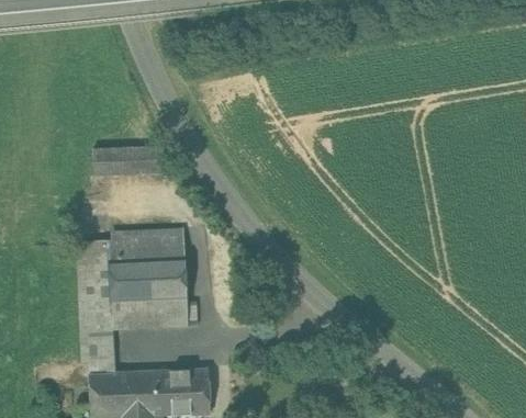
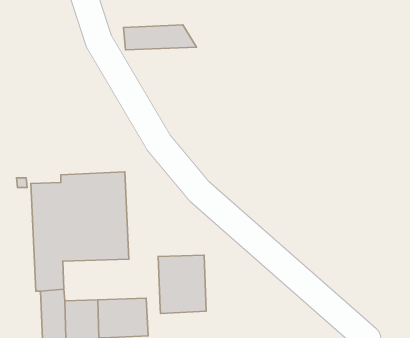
building: [91,146,174,174] -> [124,25,196,50]
building: none -> [158,255,206,314]

